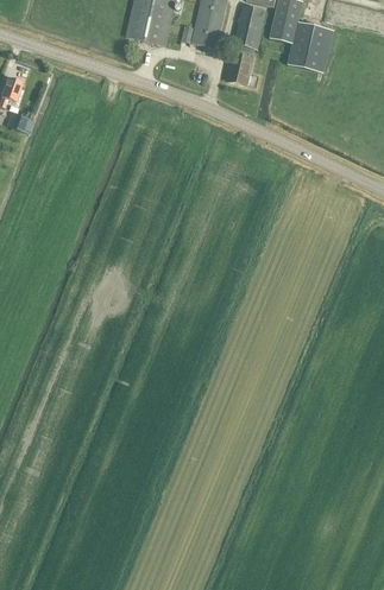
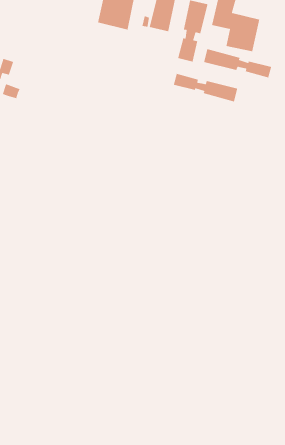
building: none -> [203,48,272,78]
building: none -> [173,73,238,103]

